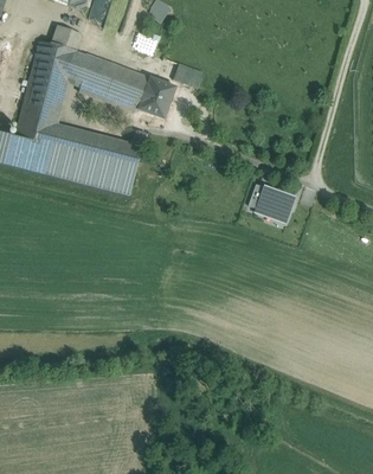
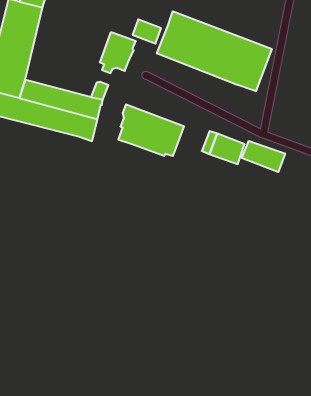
building: [78,52,149,108] -> [118,104,184,156]
building: none -> [157,11,272,91]
building: none -> [242,141,285,172]

